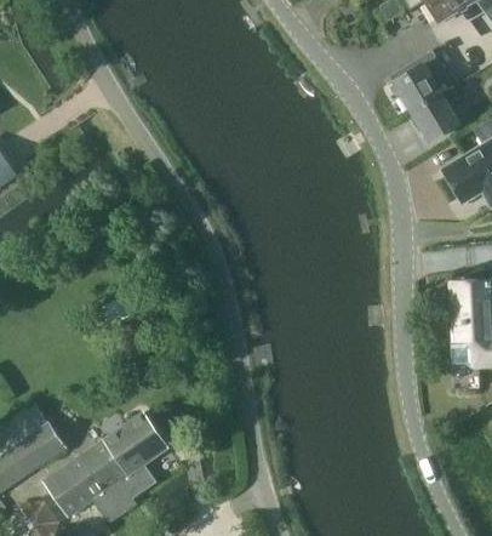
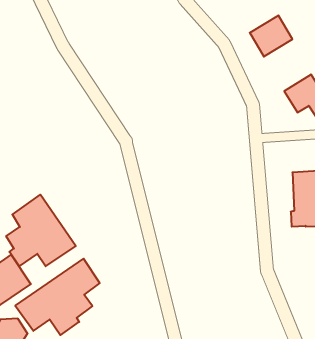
building: [411,87,459,142] -> none
building: none -> [6,195,76,266]

